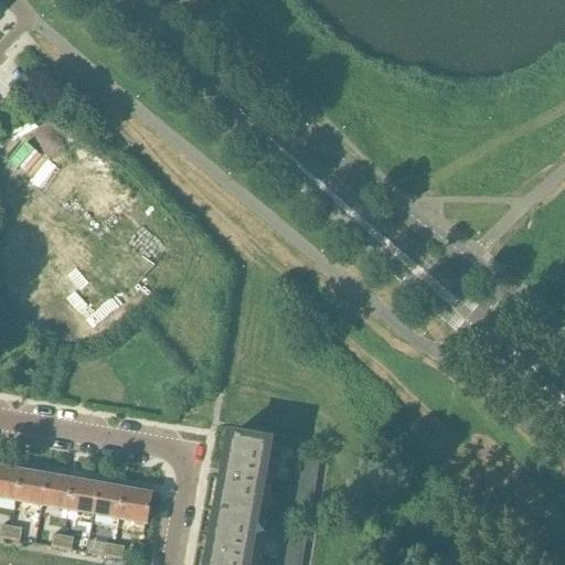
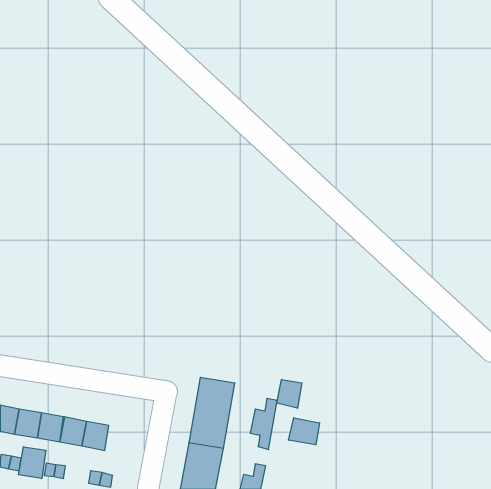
building: none -> [277,379,302,408]
building: none -> [289,418,320,445]
building: [121,488,152,521] -> none
building: none -> [19,447,46,479]

